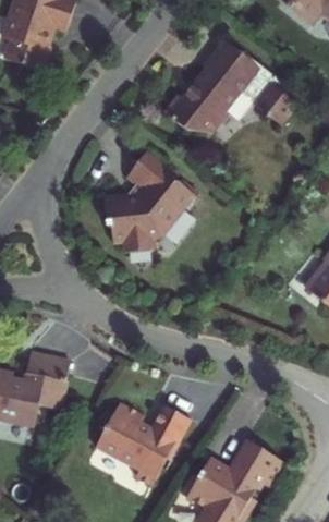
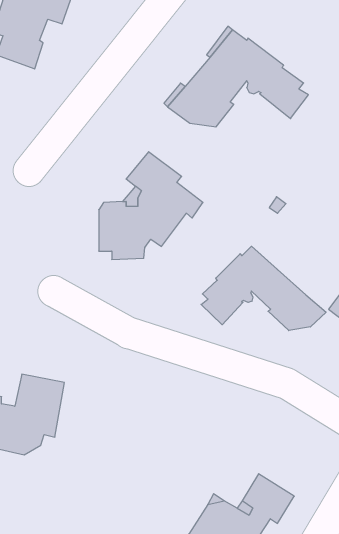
building: none -> [201,246,326,331]
building: [96,400,194,485] -> none

